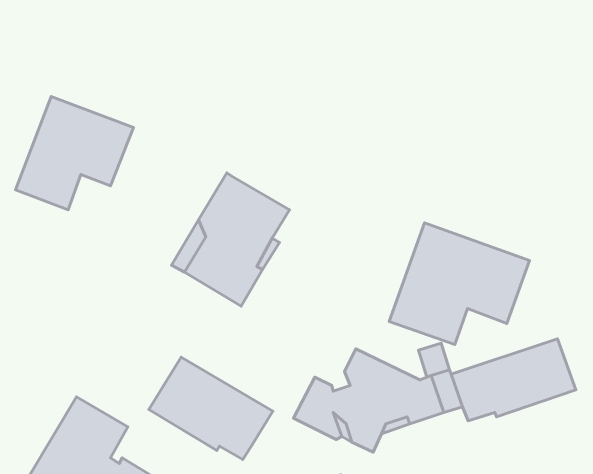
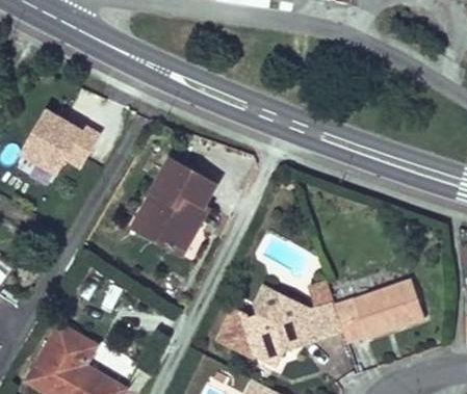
building: [389,223,529,344] -> none
building: [149,357,273,459] -> none

